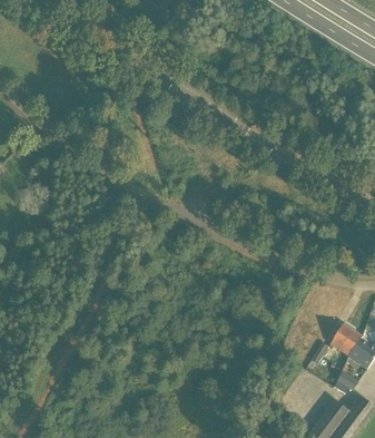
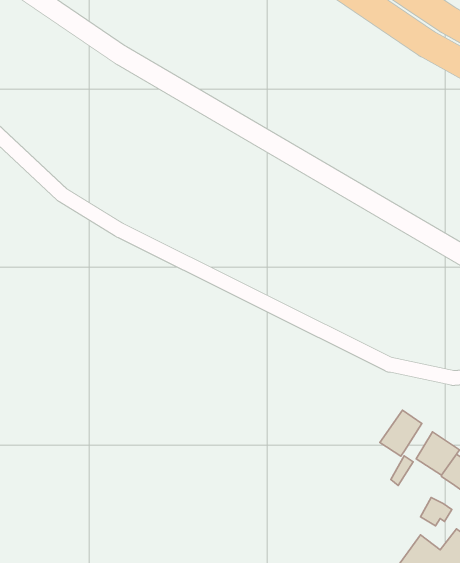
building: none -> [380,410,422,456]

